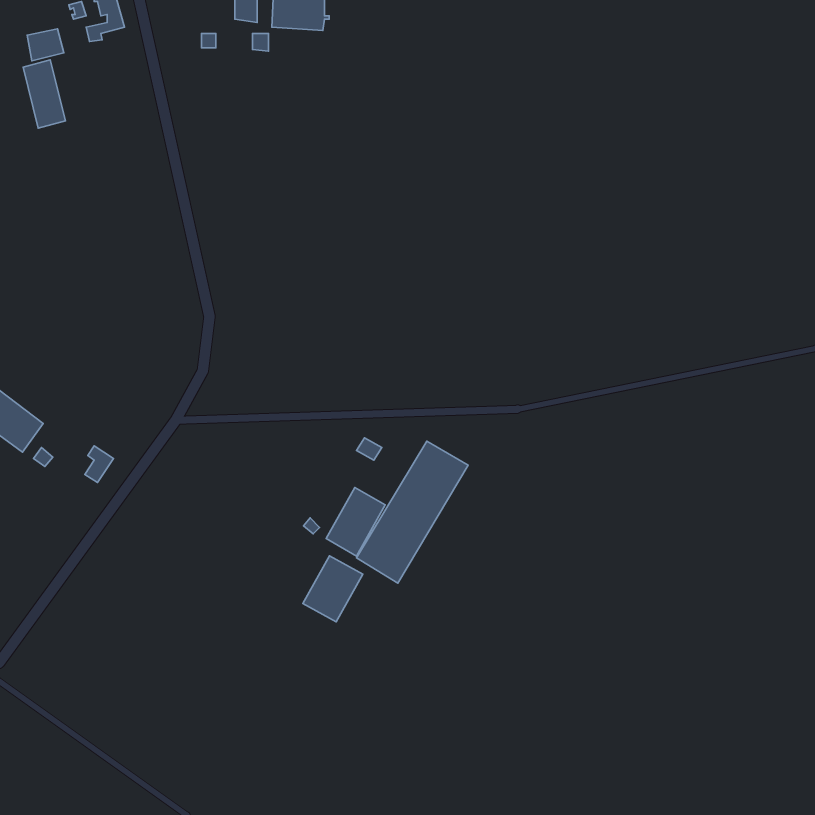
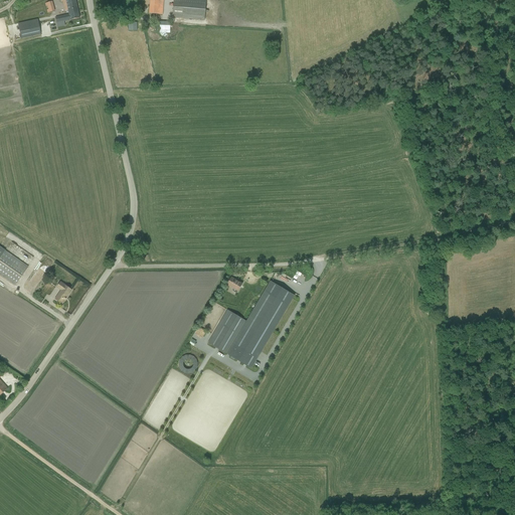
building: [23,60,65,128] -> none
building: [303,556,363,622] -> none

